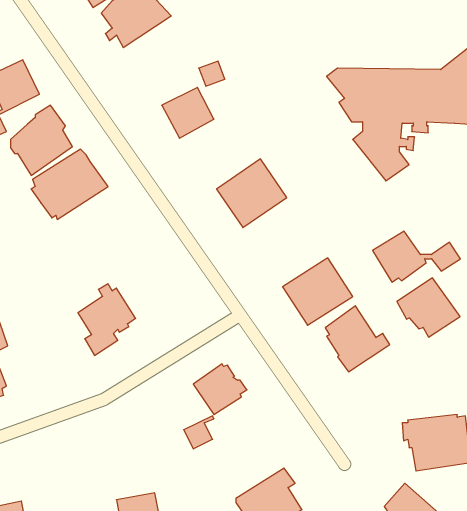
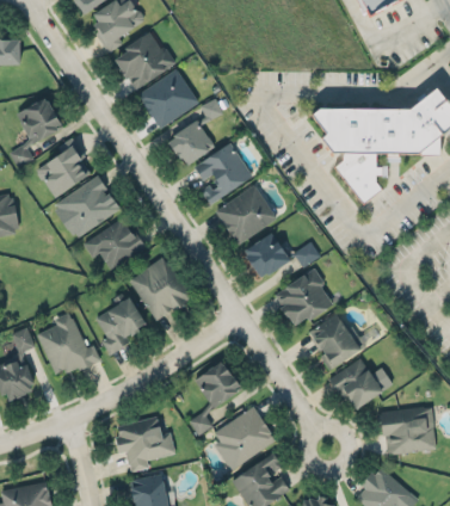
building: none -> [138,68,199,129]
building: none -> [196,144,253,205]
building: none -> [84,217,146,270]
building: [373,231,460,282] -> [245,233,321,277]
building: none -> [130,257,192,321]
building: [397,278,460,337] -> [329,358,384,409]
building: none -> [37,313,100,374]
building: none -> [215,408,277,474]
building: none -> [116,418,175,473]

